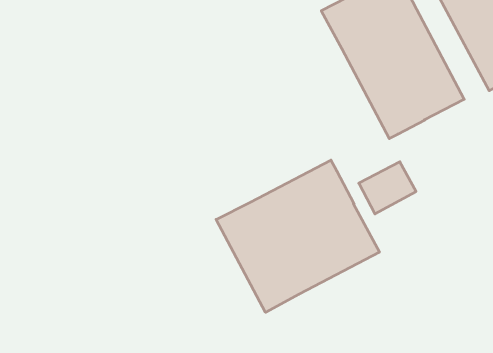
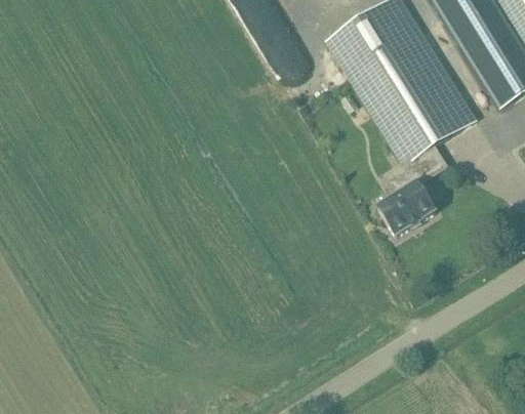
building: [216,160,379,312] -> none

